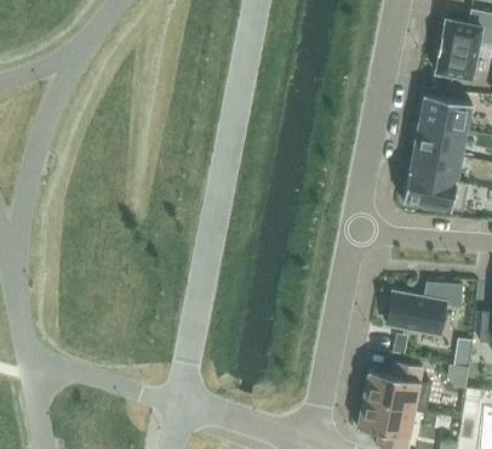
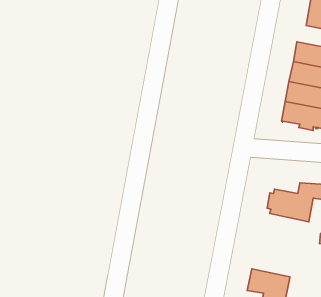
building: [364,362,433,414] -> none

